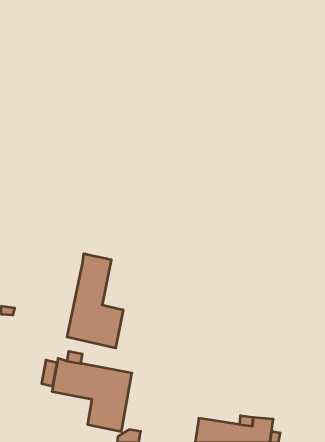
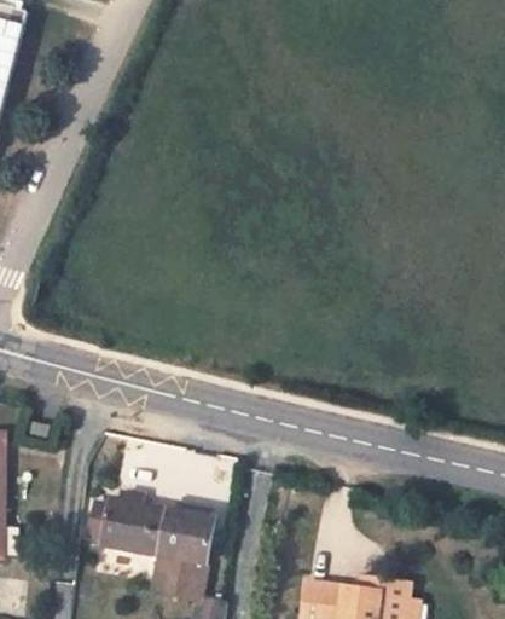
building: [67,254,123,348] -> none

